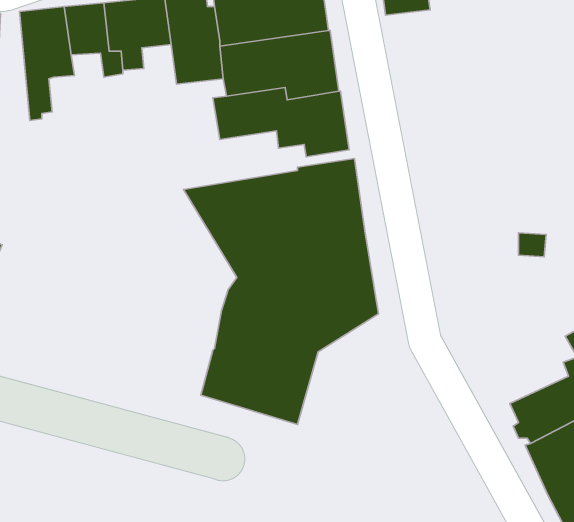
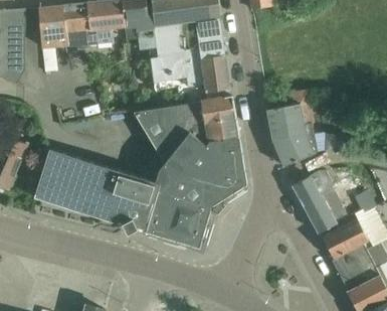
building: none -> [266,90,318,166]
building: none -> [33,149,155,230]
building: none -> [292,169,347,231]

